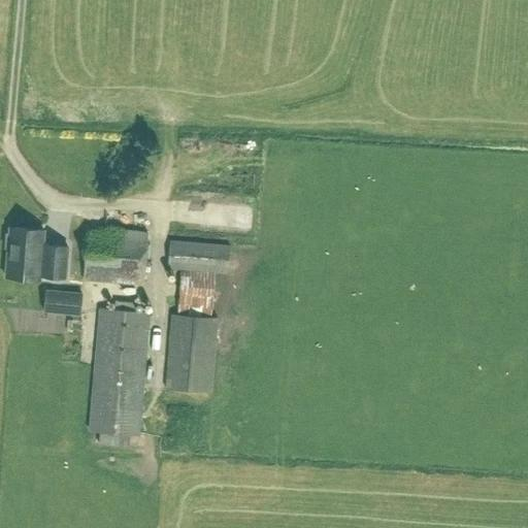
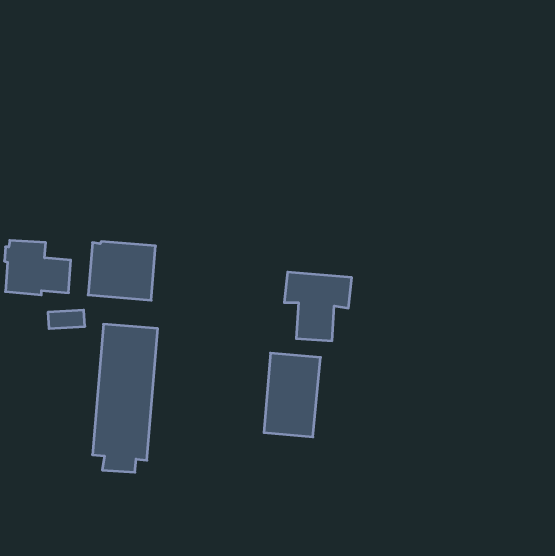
building: [167,240,231,305] -> [284,272,352,341]
building: [165,314,219,393] -> [264,353,321,437]

